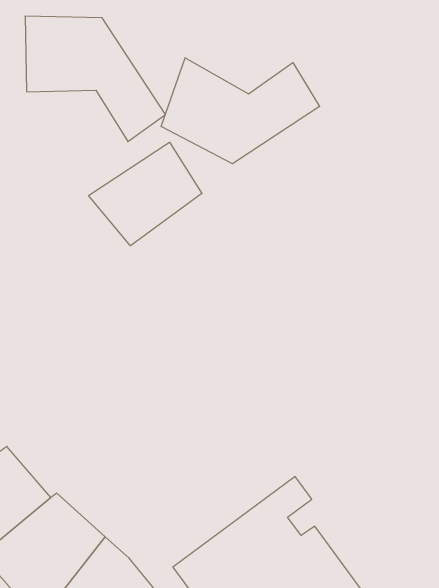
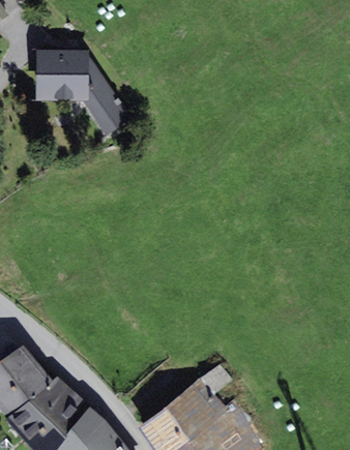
building: [161,58,320,164] -> none
building: [89,142,202,246] -> none

